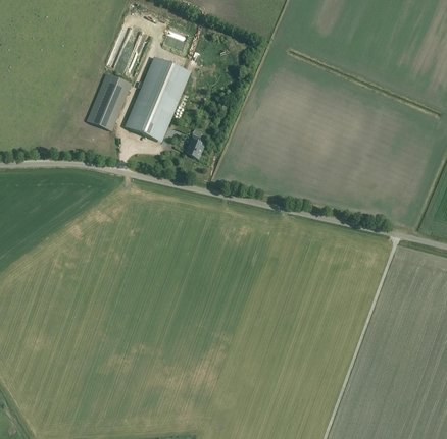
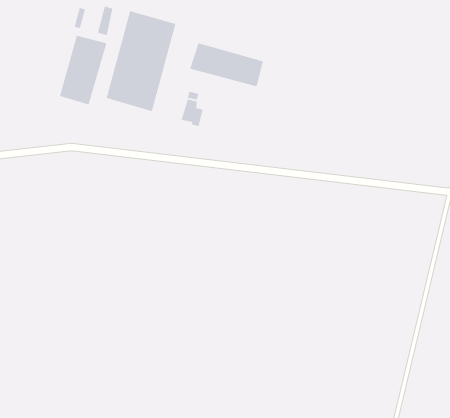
building: none -> [190,43,264,87]

